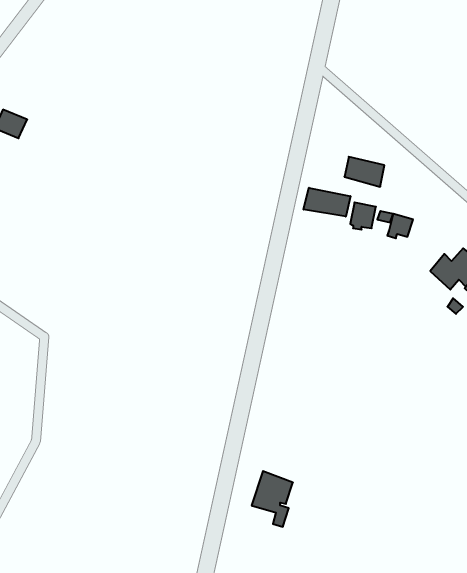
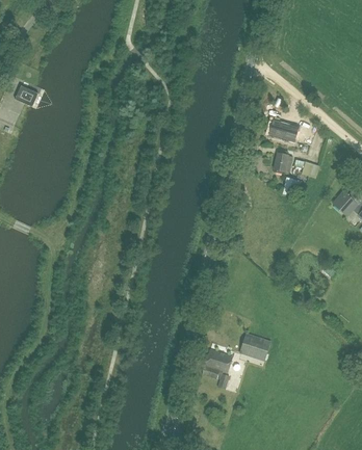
building: [304,188,350,217] -> none
building: none -> [239,333,270,361]

